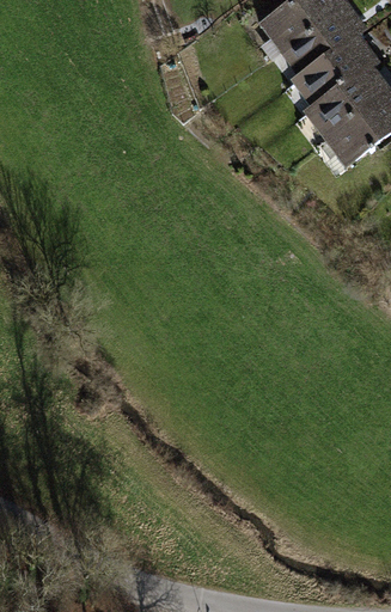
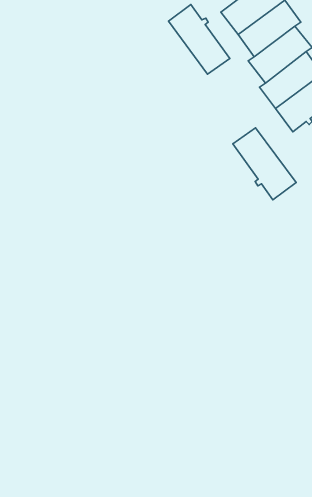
building: none -> [168,5,230,74]
building: none -> [233,128,296,200]

